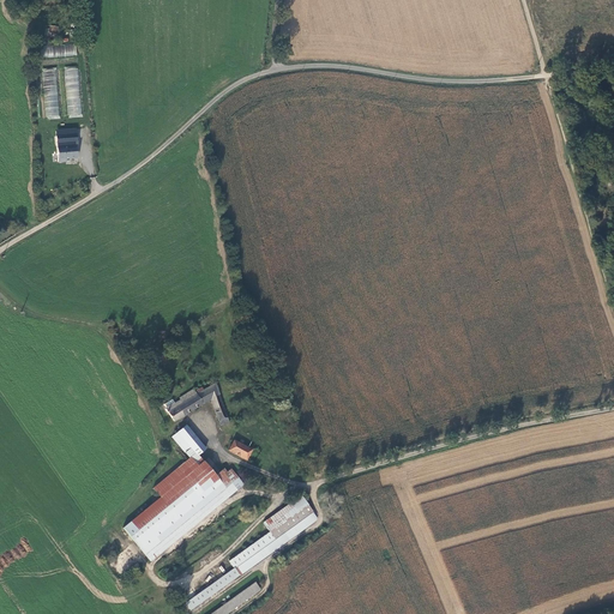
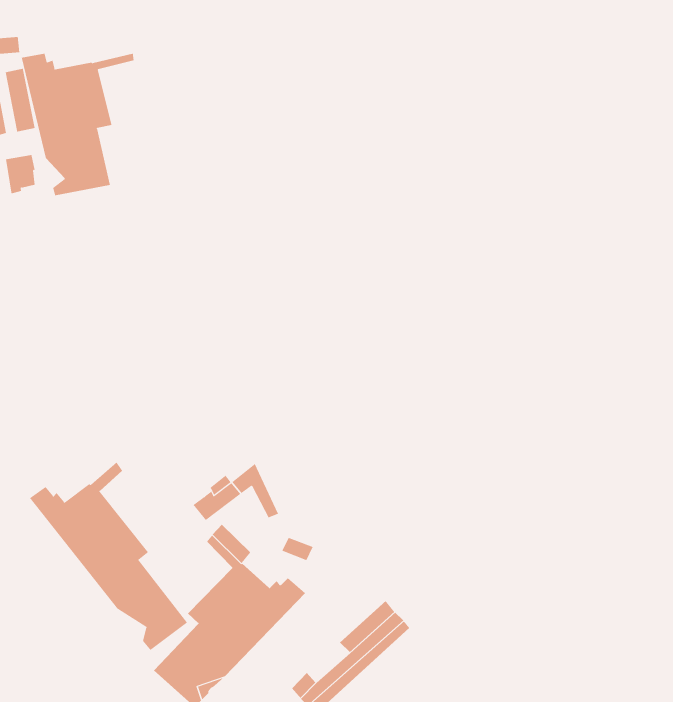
building: none -> [21,53,134,196]
building: none -> [29,462,188,651]

